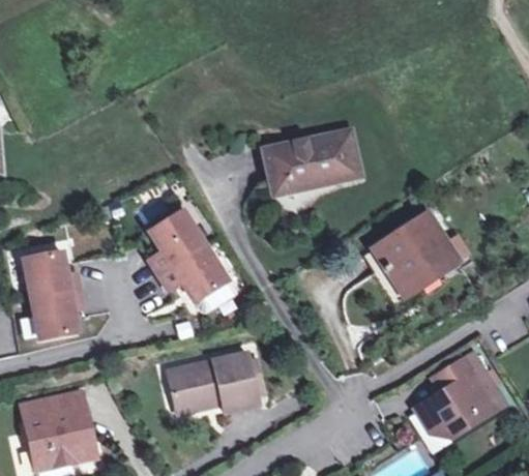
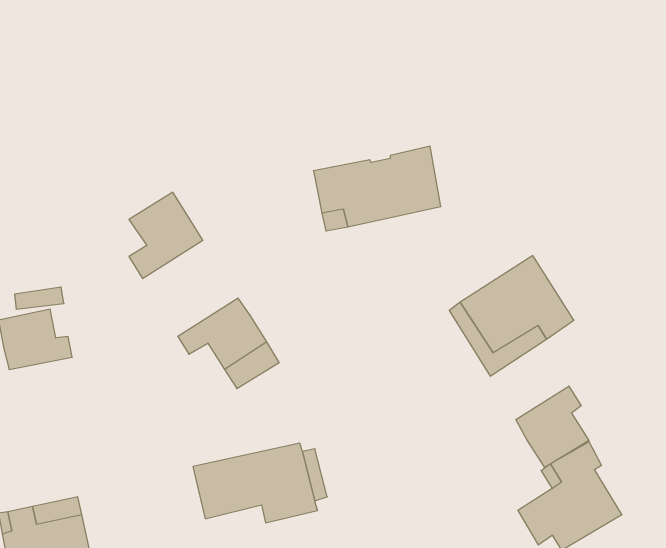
building: [149,207,205,272] -> [129,192,203,279]
building: [32,288,84,338] -> none
building: none -> [516,386,589,467]

